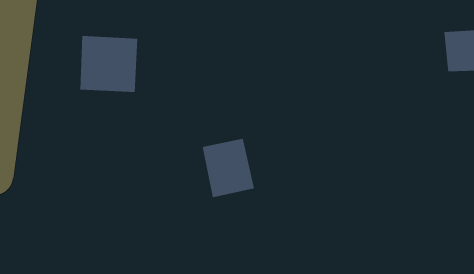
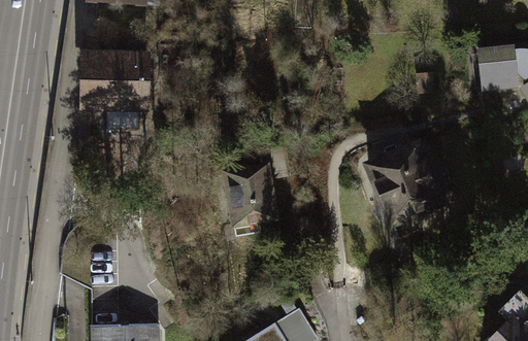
building: none -> [369,141,457,241]

